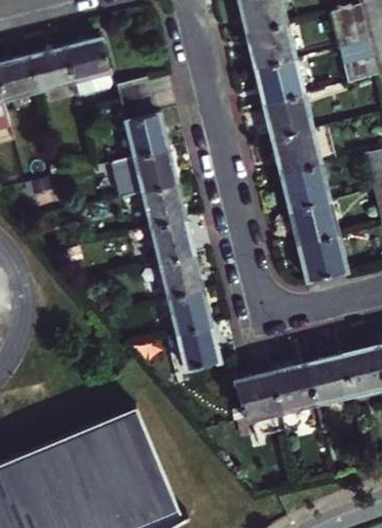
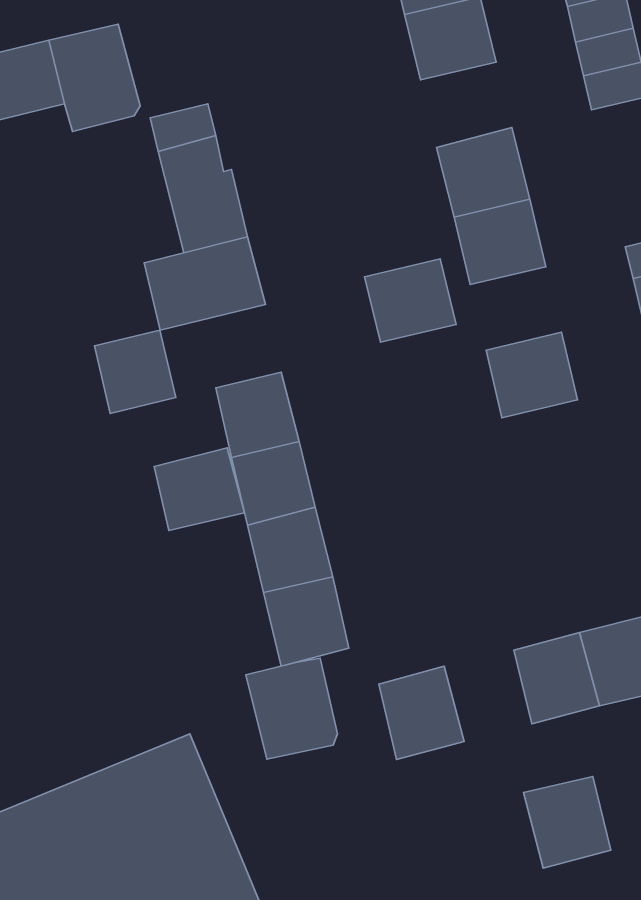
building: [257,60,305,104] -> none
building: [283,166,330,209] -> [365,259,456,342]
building: [142,186,185,229] -> [94,330,176,413]
building: [299,235,347,280] -> none
building: none -> [154,448,245,531]
building: [269,365,315,412] -> [523,777,611,868]
building: none -> [246,658,337,759]

